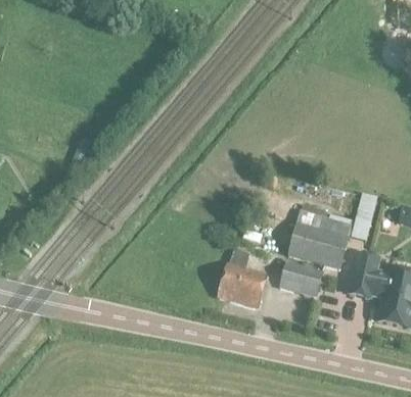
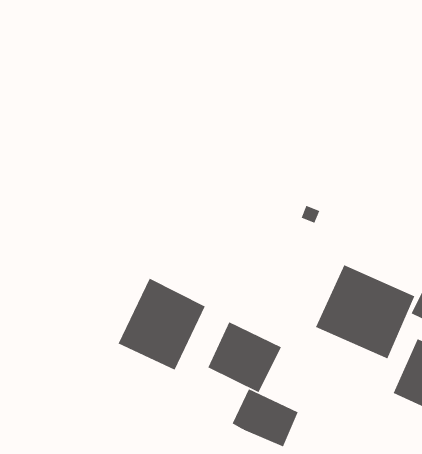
building: none -> [118,278,206,371]
building: [278,260,322,296] -> [232,389,299,447]

